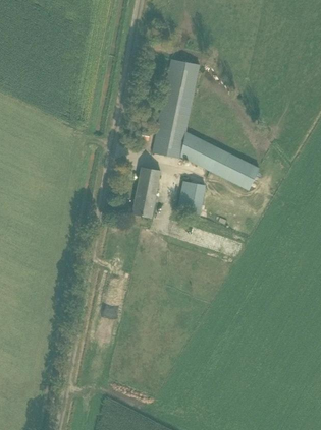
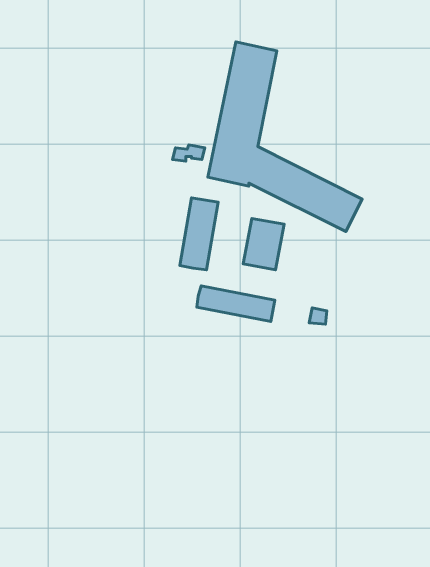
building: none -> [197,286,275,321]

